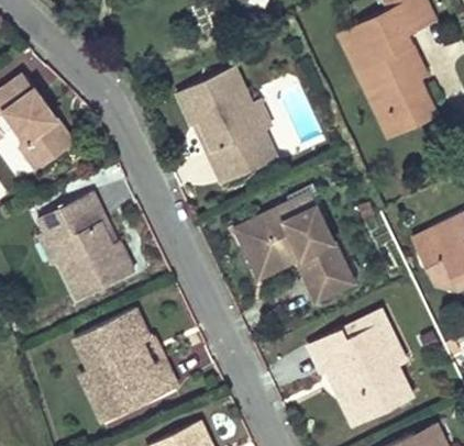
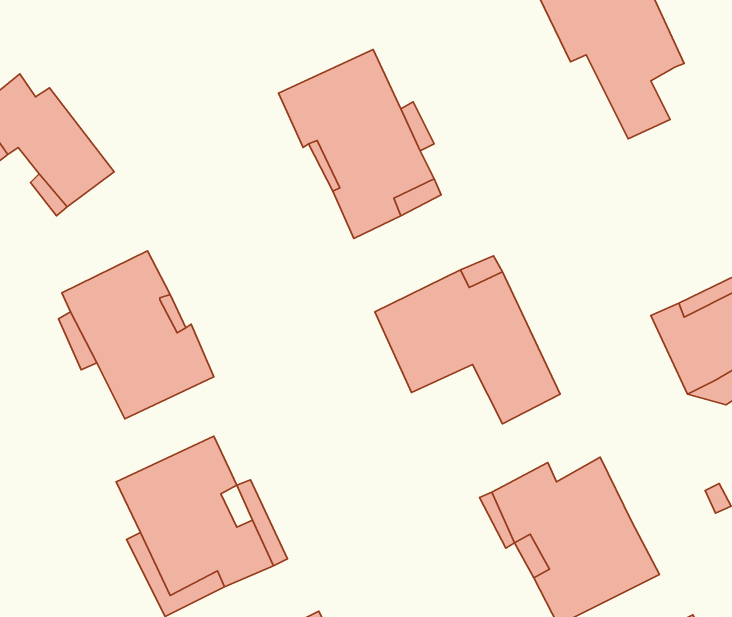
building: [360,69,442,141] -> none
building: [345,308,408,363] -> none

